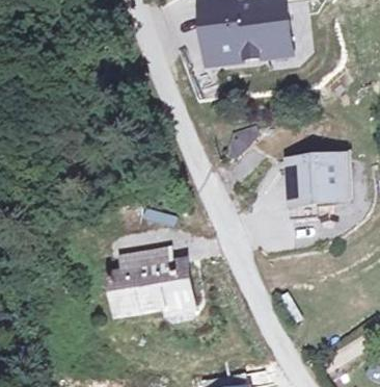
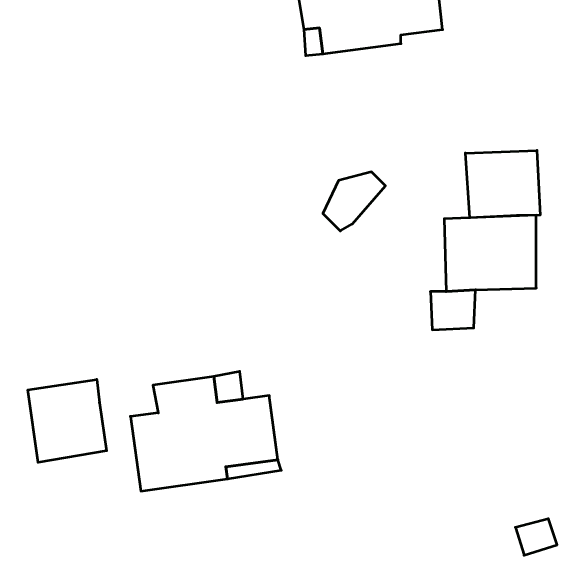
building: none -> [465,150,540,218]
building: none -> [28,379,107,462]

